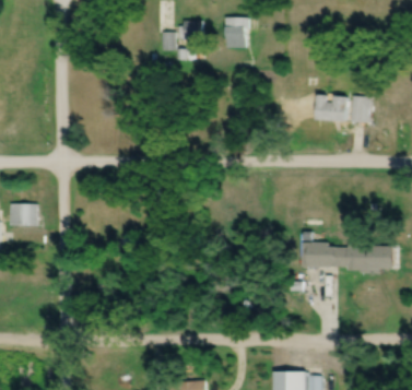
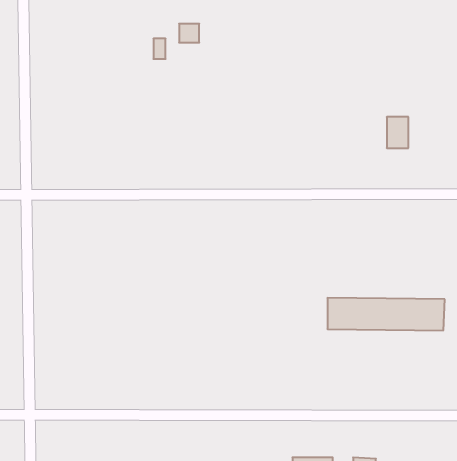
building: [223,17,246,47] -> none
building: [316,94,345,120] -> none

